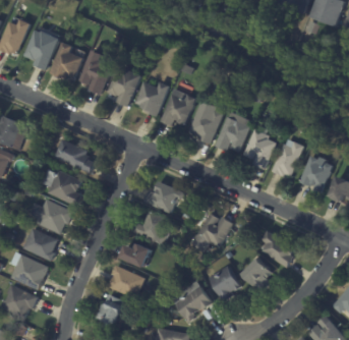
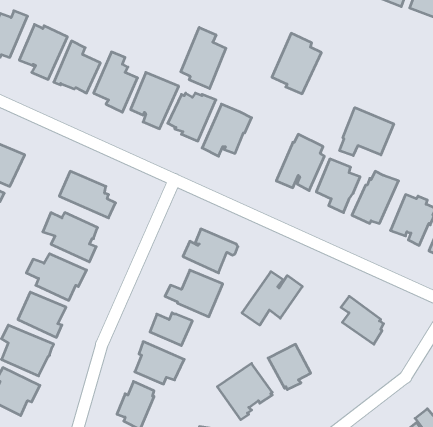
building: none -> [181,27,226,89]
building: none -> [340,108,394,156]
building: [186,100,223,145] -> [272,33,321,94]
building: [240,256,273,288] -> none

